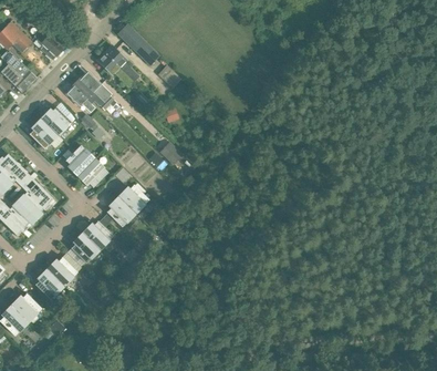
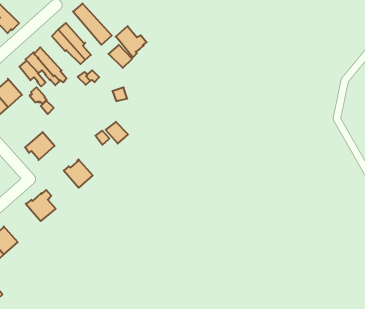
building: none -> [116,26,147,57]
building: [64,144,94,174] -> none
building: [102,195,135,226] -> none
building: [70,231,98,262] -> none

